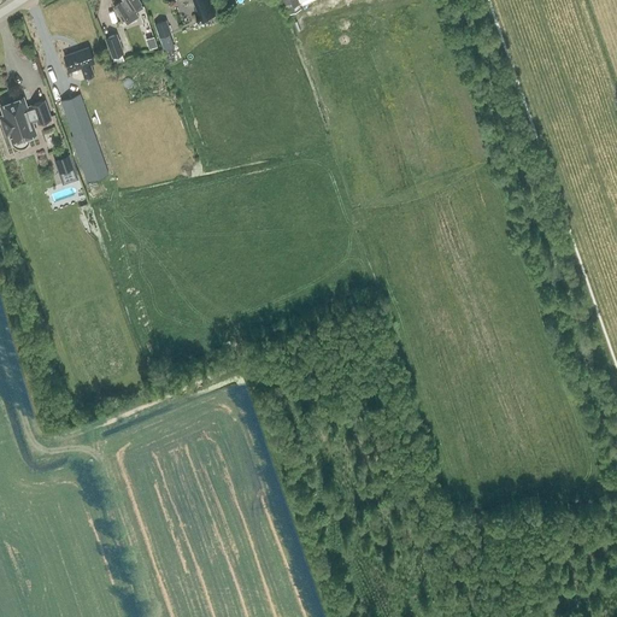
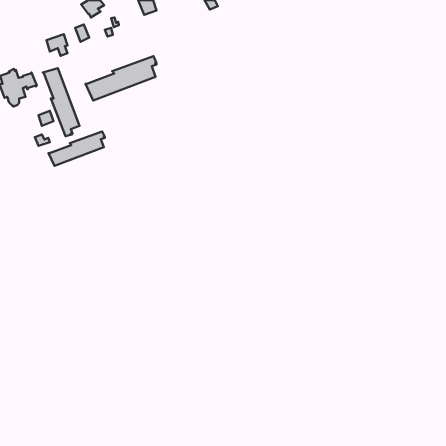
building: none -> [85,56,157,100]
building: none -> [49,132,105,166]

